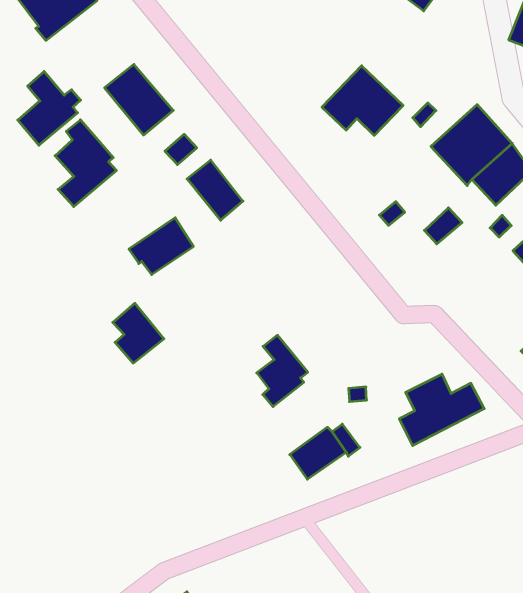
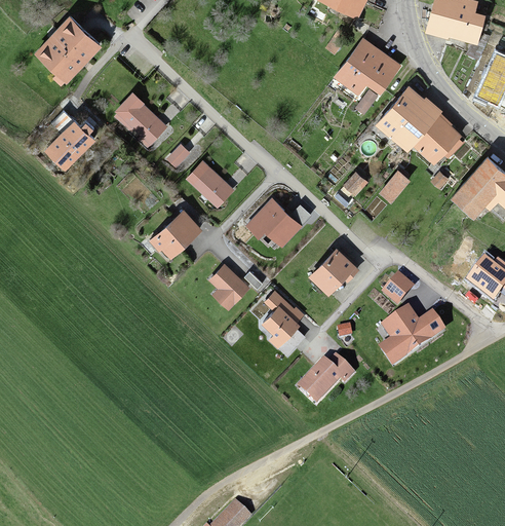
building: [322,66,403,135] -> [335,39,398,92]
building: [55,120,116,207] -> none
building: none -> [247,198,302,245]
building: none -> [311,249,359,296]
building: [113,303,164,363] -> [209,262,251,309]
building: none -> [383,269,415,302]

